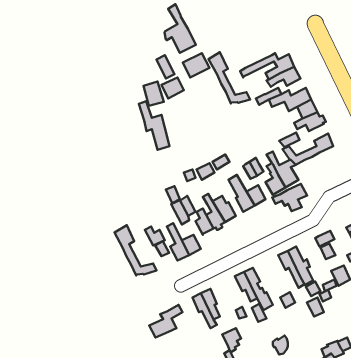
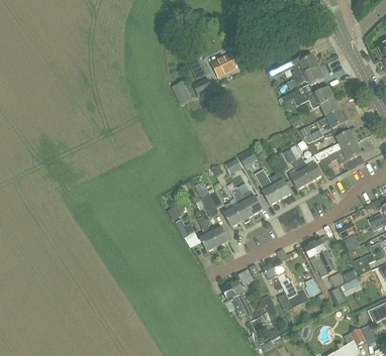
building: [164,4,196,53] -> none
building: [209,52,250,104] -> none
building: [139,101,169,150] -> none
building: [272,184,307,211] -> [328,142,362,168]
building: [114,225,157,275] -> none
building: [149,305,182,337] -> none

